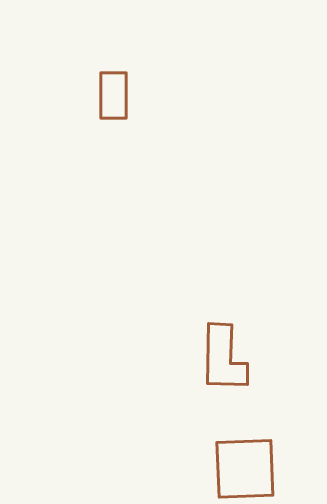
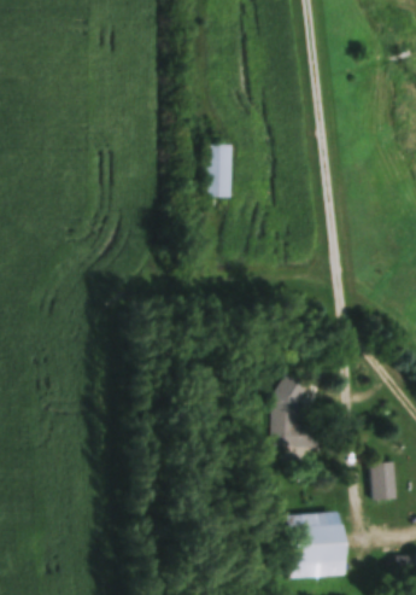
building: [101,73,126,118] -> [203,146,232,198]
building: none -> [371,463,394,500]

